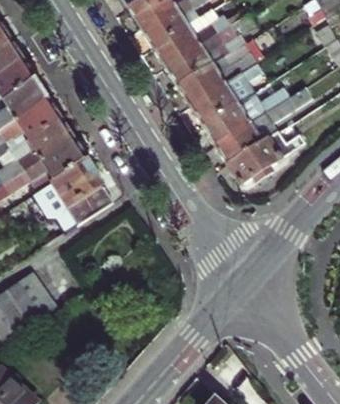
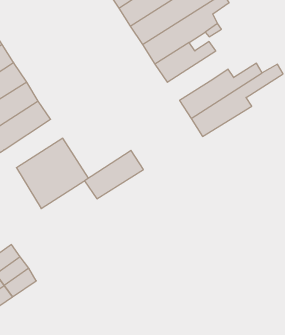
building: [194,69,251,121] -> none
building: [231,124,309,180] -> none
building: [22,141,84,192] -> [85,150,143,199]

